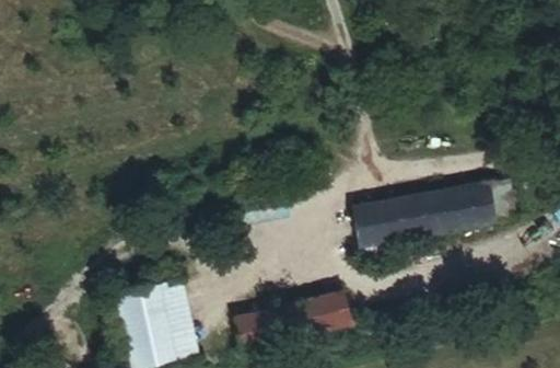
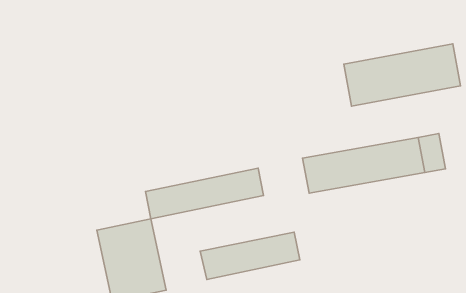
building: none -> [344,44,460,106]
building: none -> [146,168,263,219]

